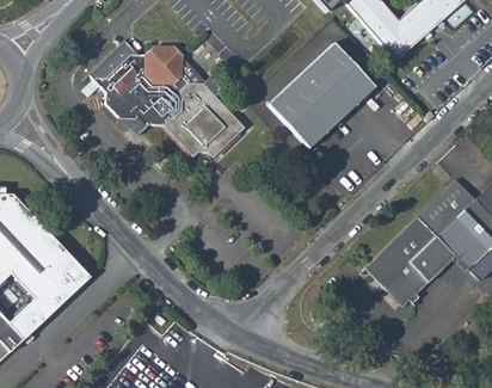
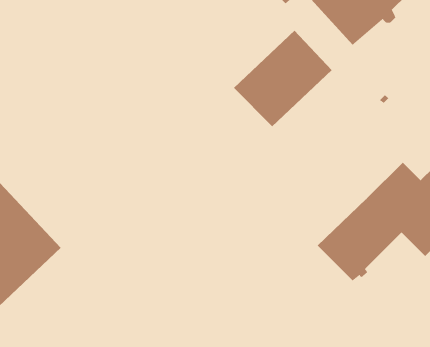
building: [93,48,252,164] -> none

